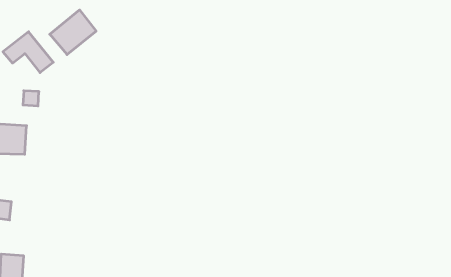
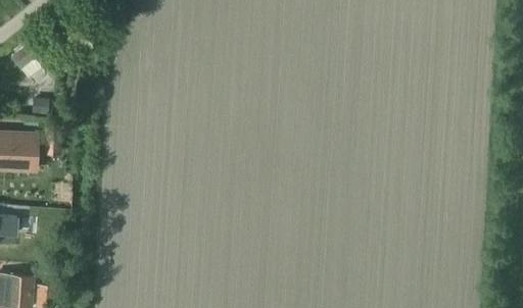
building: [50,10,96,55] -> none

